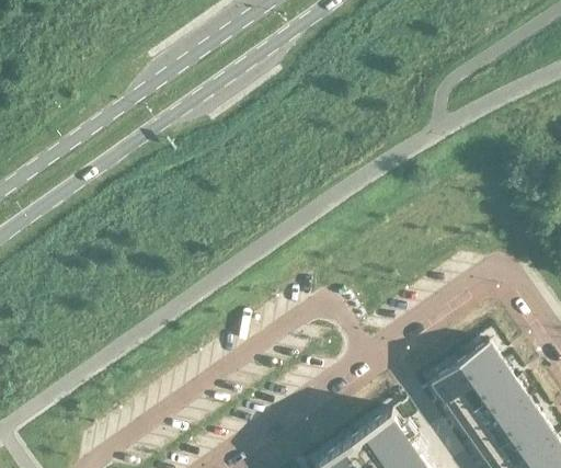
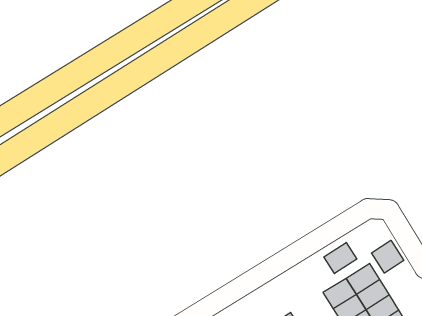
building: none -> [371,240,404,273]
building: none -> [324,242,357,274]

